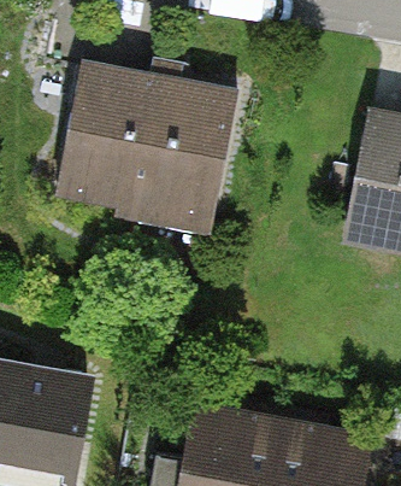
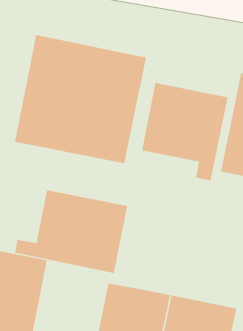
building: none -> [142,82,228,181]
building: none -> [14,189,128,274]

